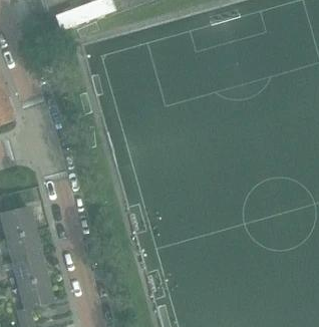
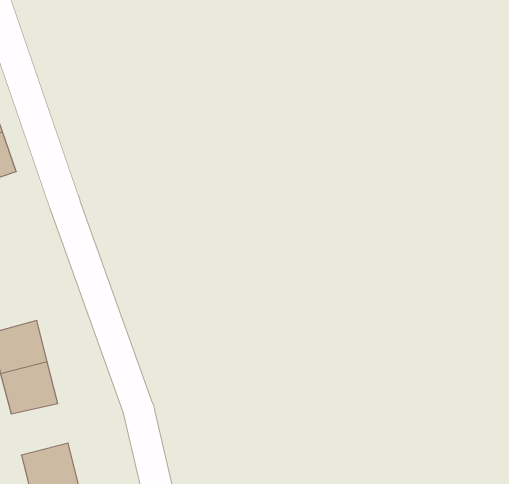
building: [12,252,45,282] -> none

